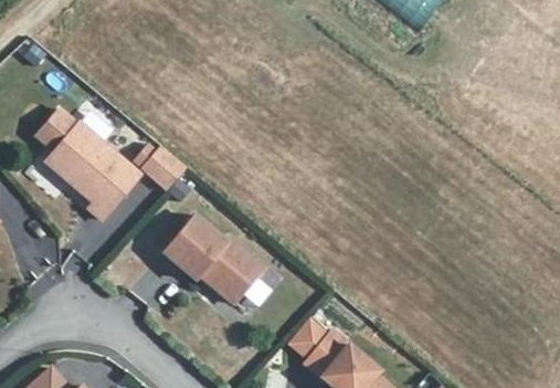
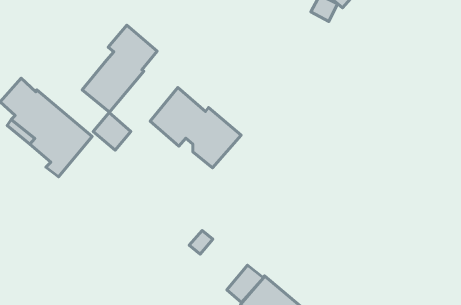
building: none -> [82,25,157,113]
building: [165,216,266,305] -> [150,88,241,168]

